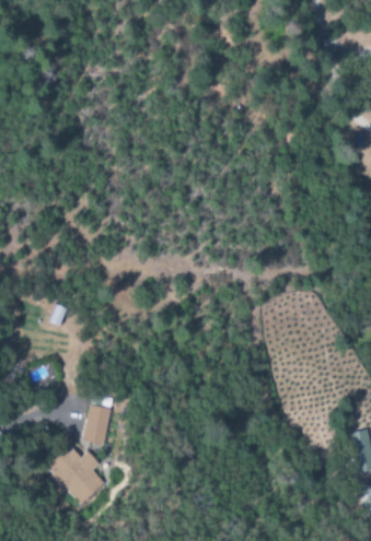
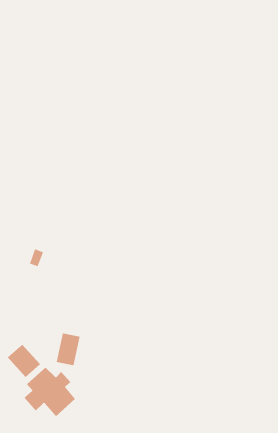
building: none -> [7,344,41,378]

